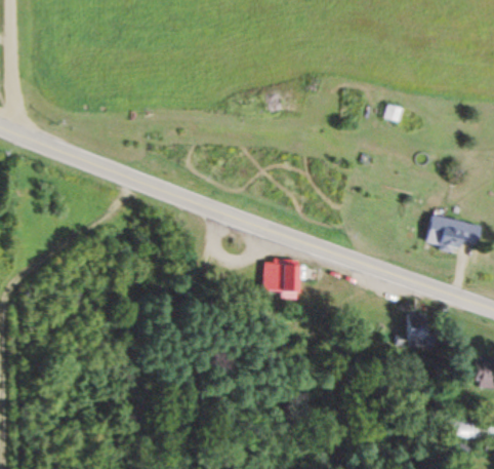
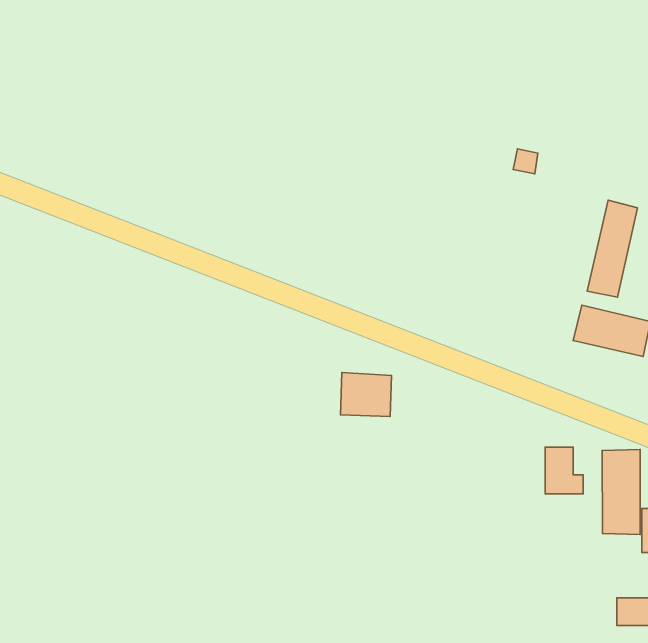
building: none -> [587,200,638,297]
building: none -> [602,450,640,534]

